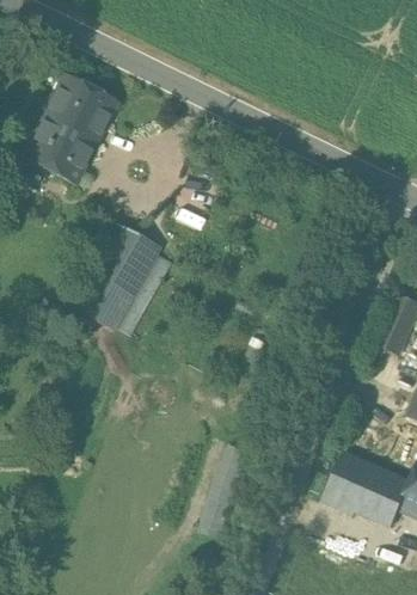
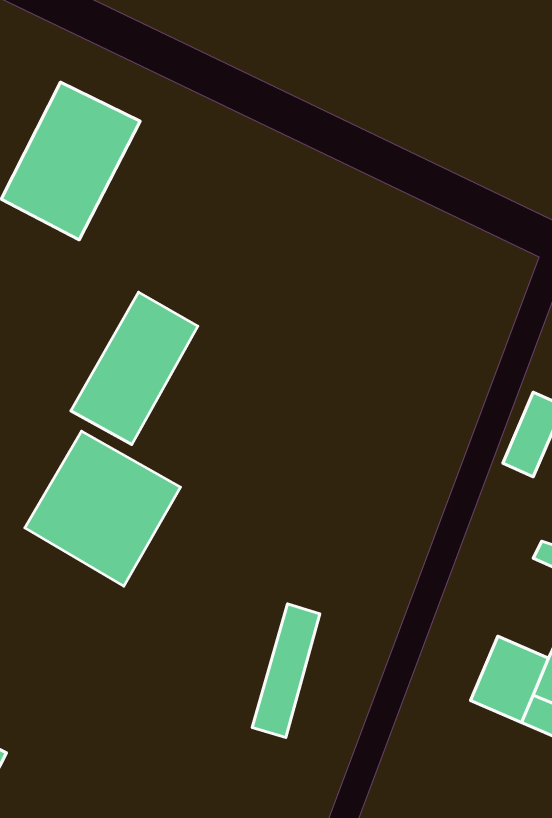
building: none -> [25,431,181,586]
building: [321,450,373,514] -> none

